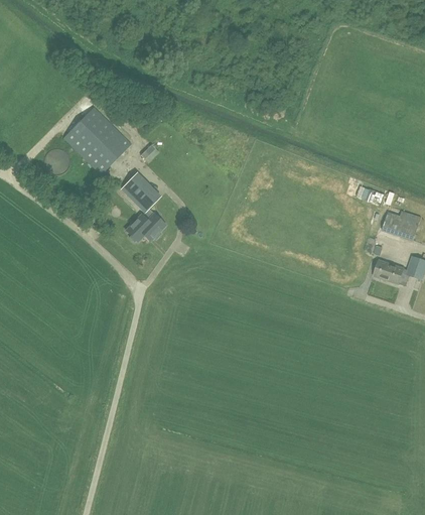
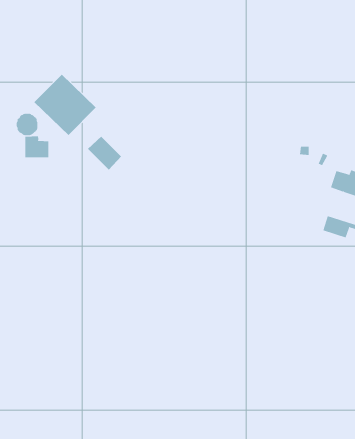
building: none -> [25,135,49,158]
building: [126,208,166,240] -> none

